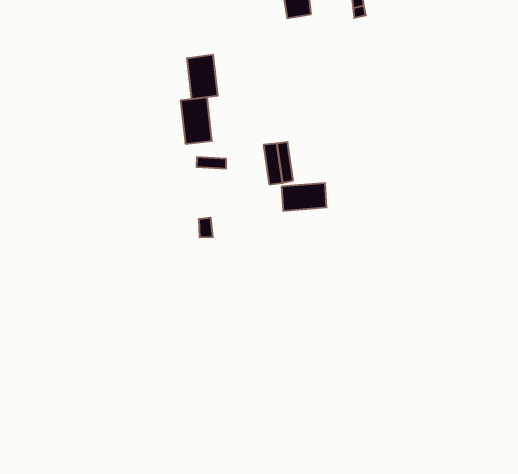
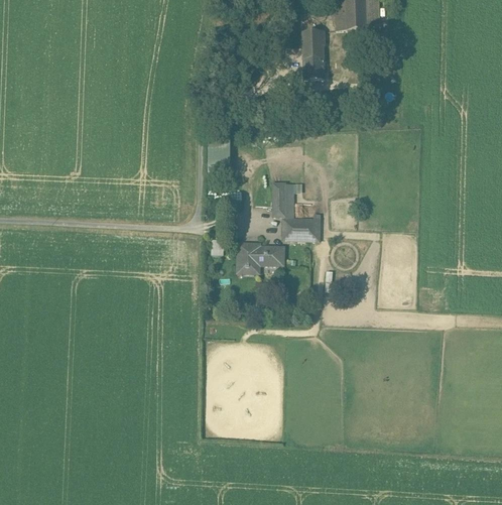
building: [187,55,217,99] -> none
building: none -> [237,243,283,267]

